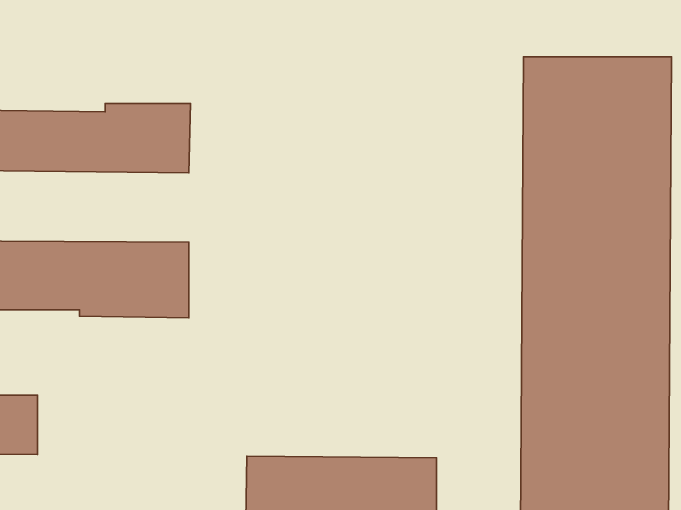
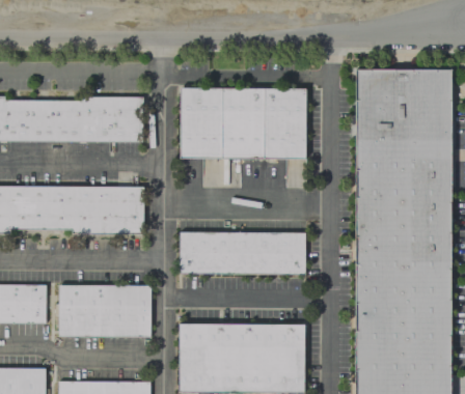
building: none -> [180,88,306,159]
building: none -> [180,232,305,274]
building: none -> [58,285,149,336]

